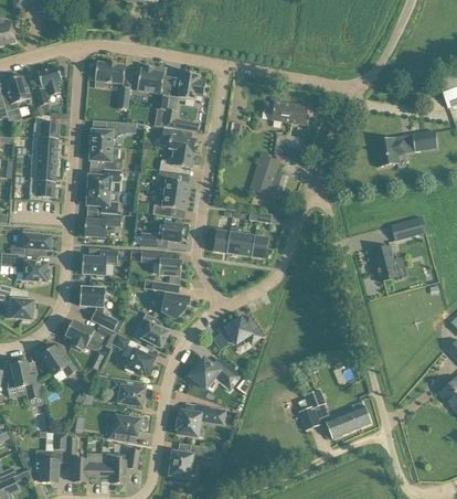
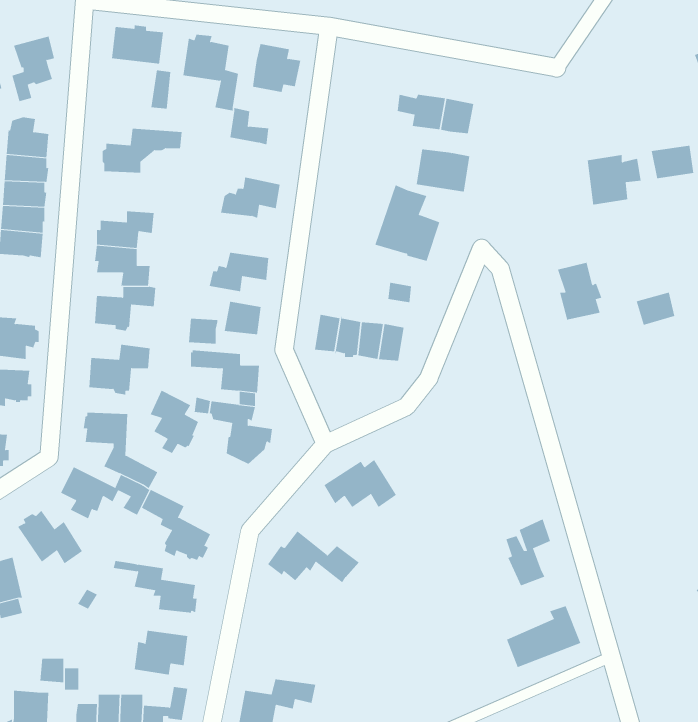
building: [162,126,196,153] -> none
building: [88,146,123,170] -> none
building: [158,170,191,197] -> none
building: [372,246,398,280] -> [557,262,602,320]
building: [139,312,168,350] -> [150,390,199,454]
building: [298,389,325,428] -> [506,518,551,586]
building: [177,403,225,436] -> none

